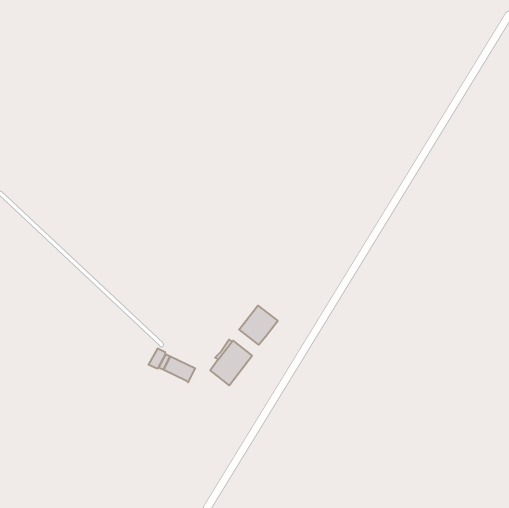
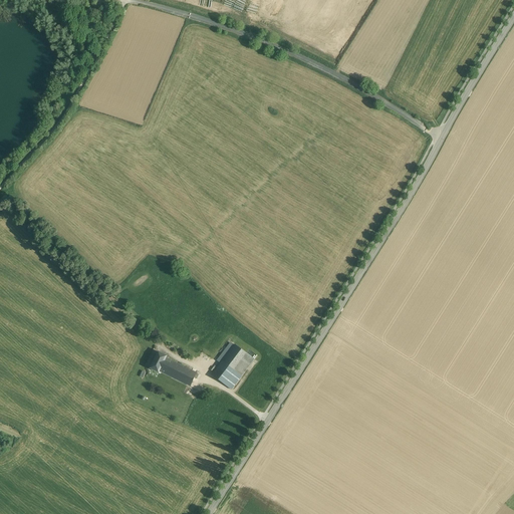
building: [239,306,278,345] -> none

